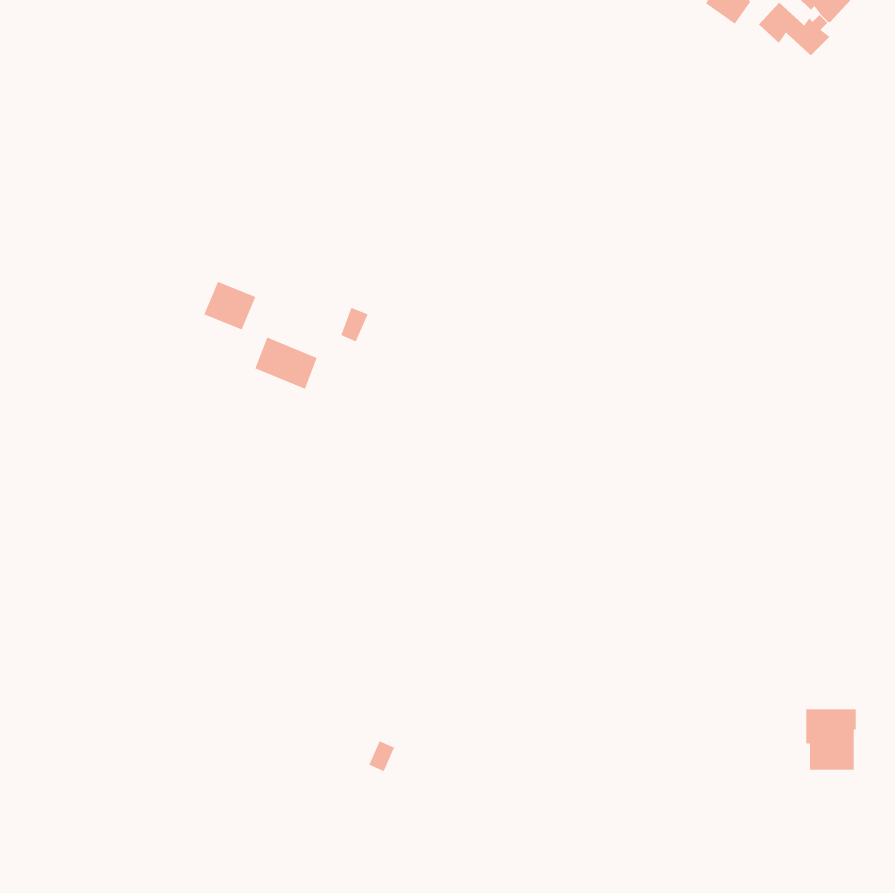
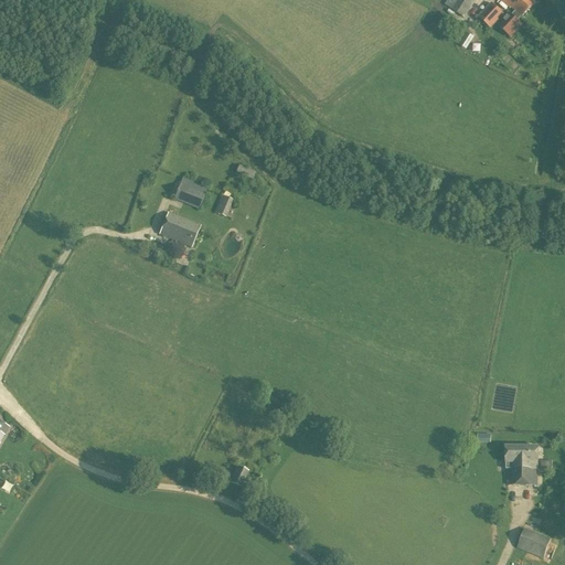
building: [203,281,256,330] -> [173,177,206,207]
building: none -> [515,527,550,556]

